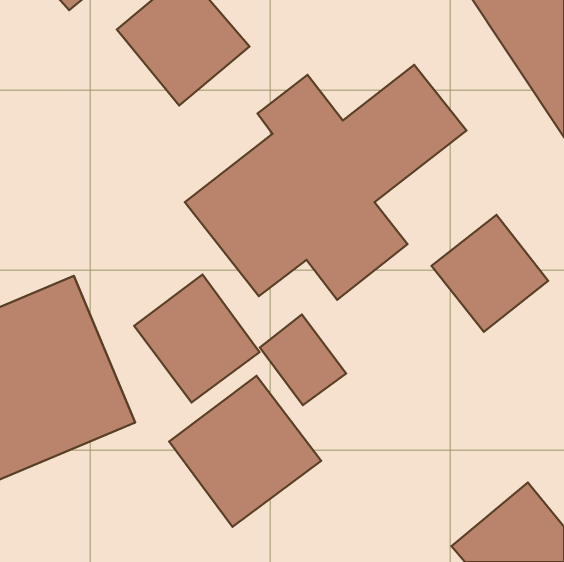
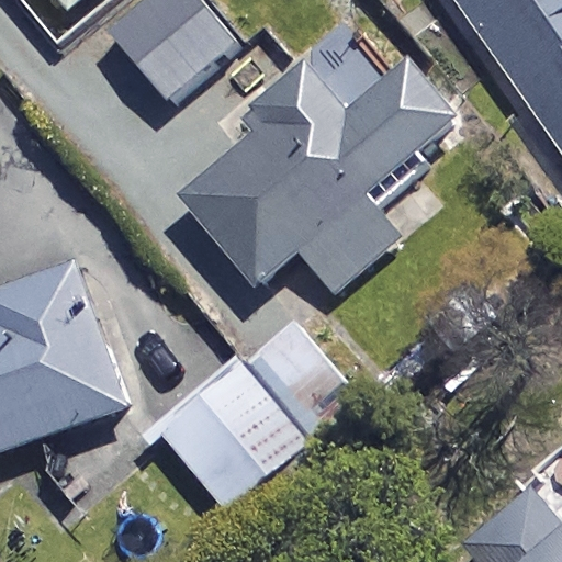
building: [431,215,548,332] -> none
building: [134,274,260,402] -> none

